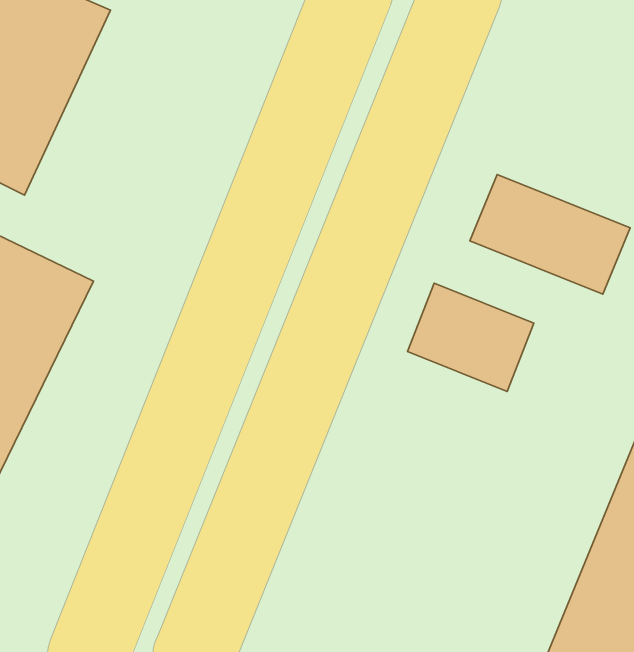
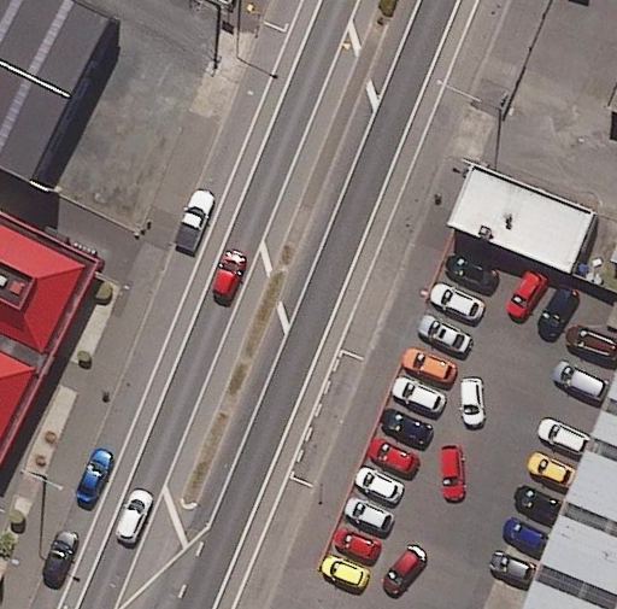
building: [407,283,534,392] -> none

